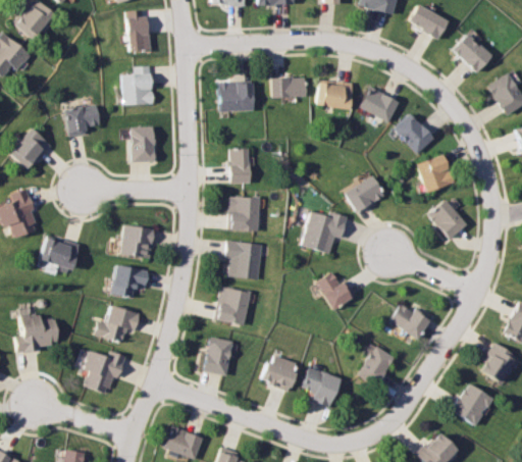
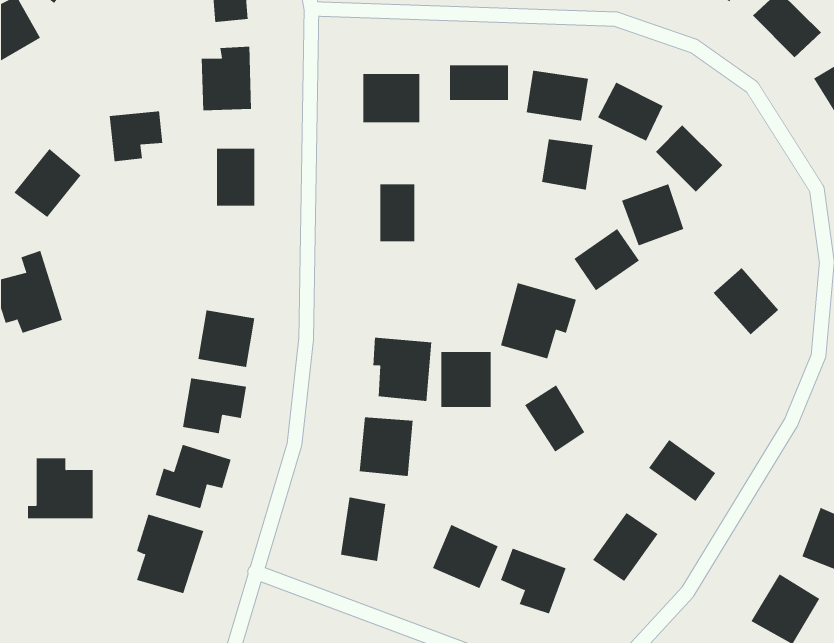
building: none -> [541,139,593,191]
building: [418,155,456,193] -> [621,183,684,246]
building: [229,197,260,230] -> [440,351,492,408]
building: [41,237,81,270] -> none

